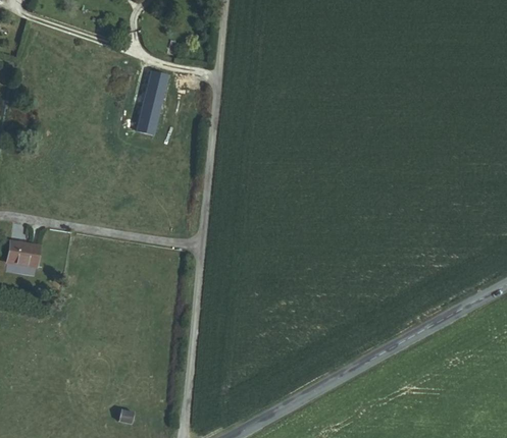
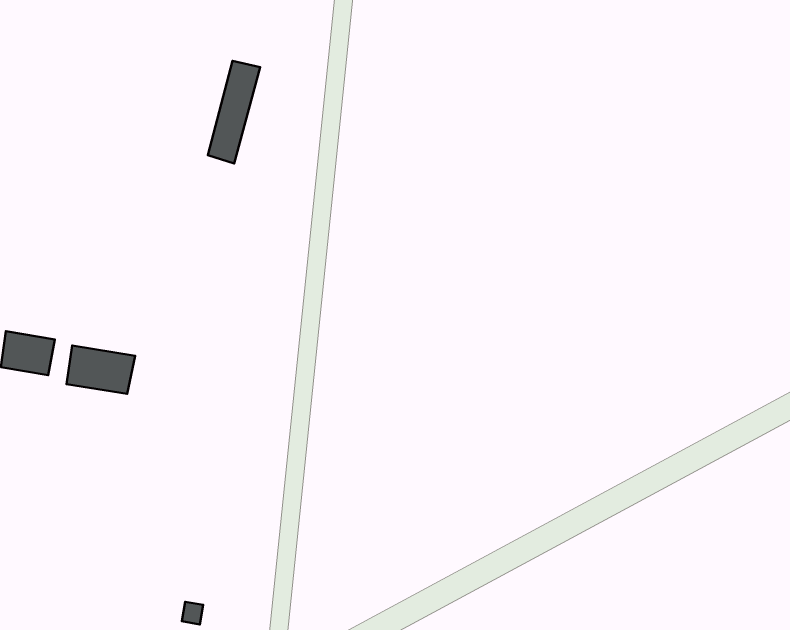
building: none -> [66,345,135,394]

